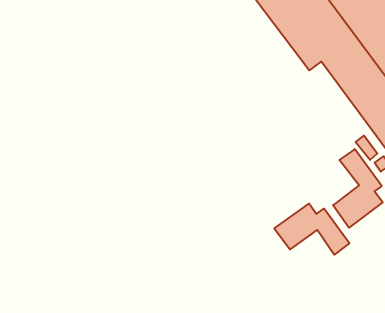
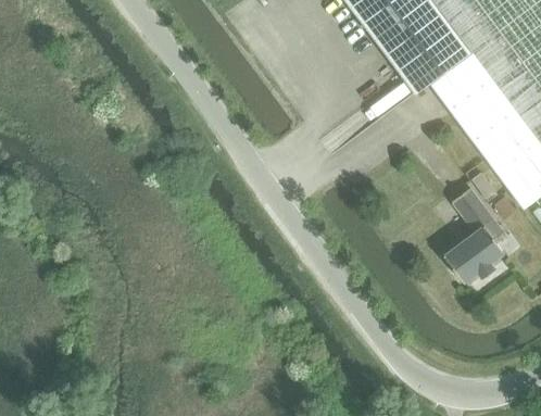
building: [274,204,349,255] -> none

